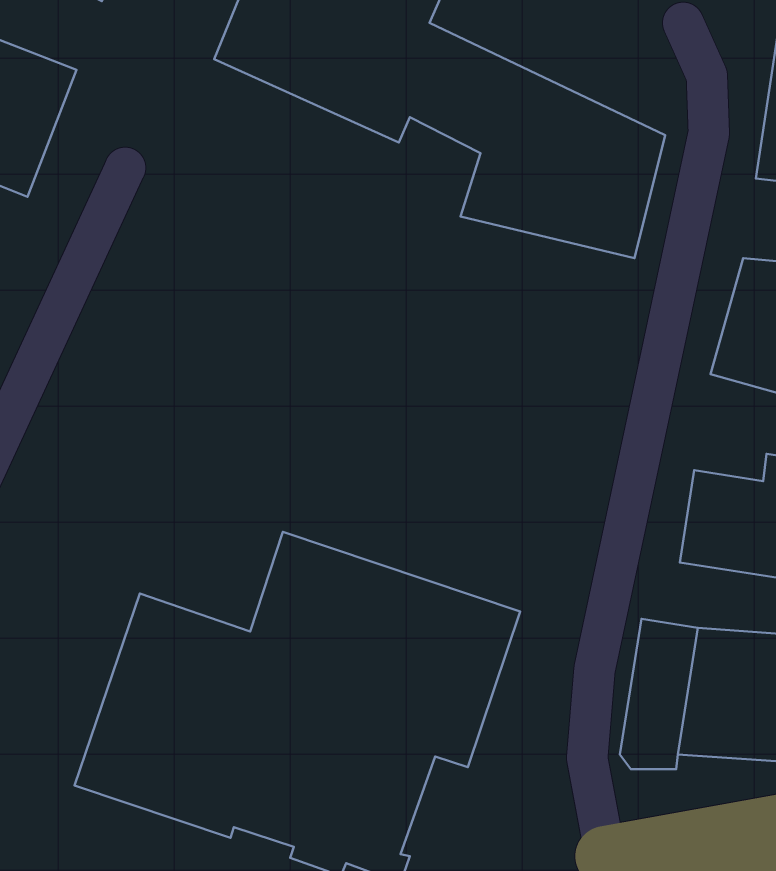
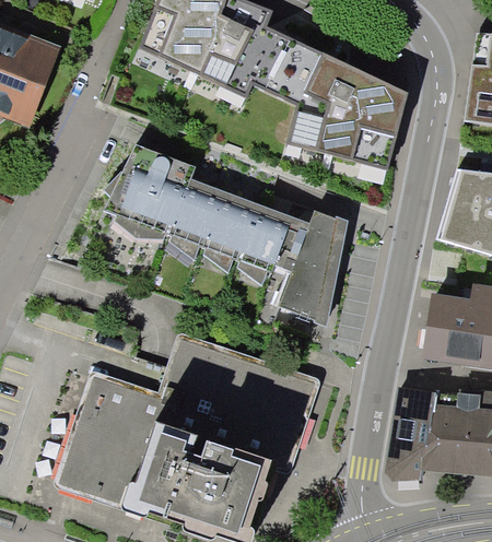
building: none -> [105,143,350,326]

